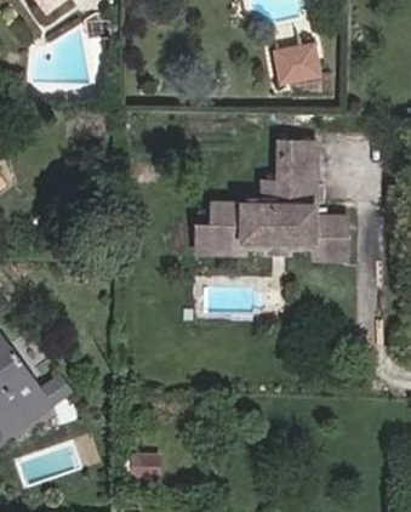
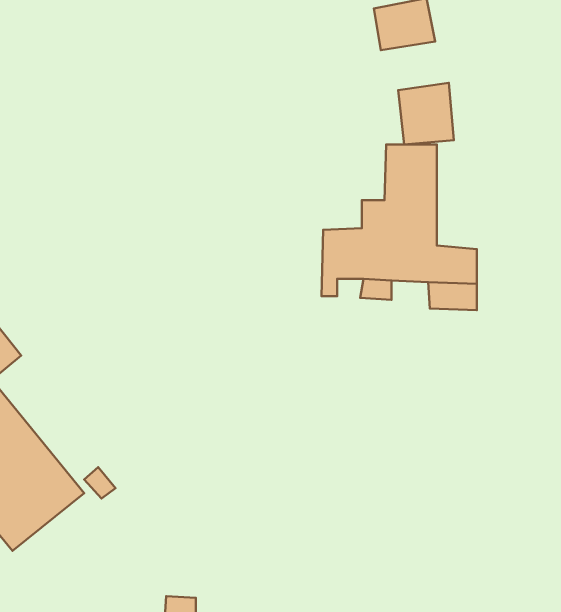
building: none -> [398,83,454,144]
building: [198,203,239,250] -> none

